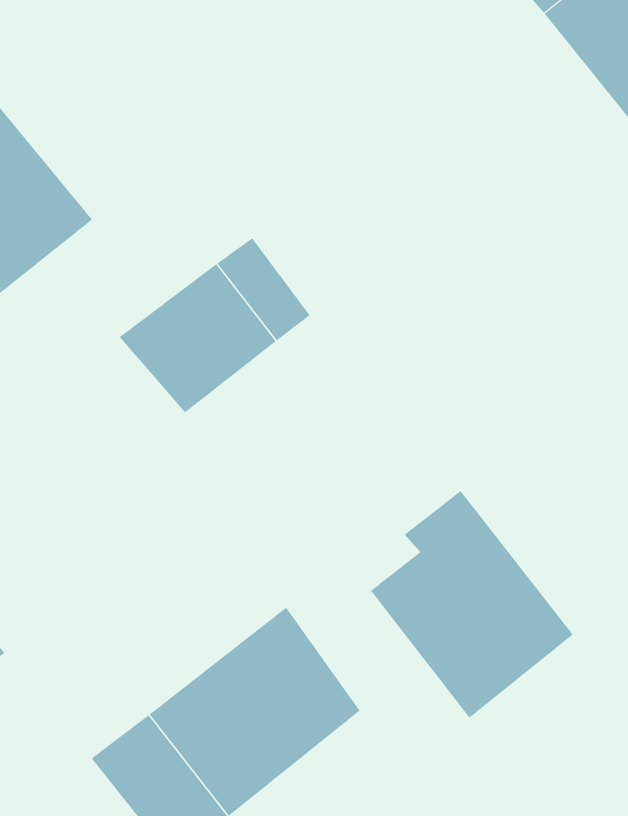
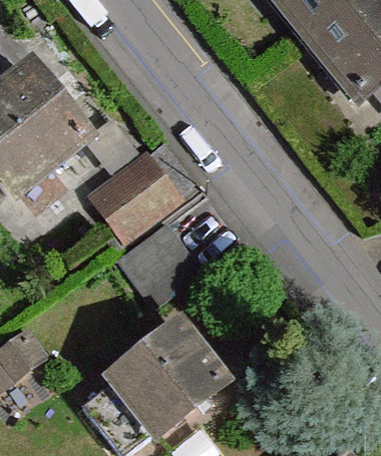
building: none -> [118,224,203,308]
building: [370,490,573,719] -> none

